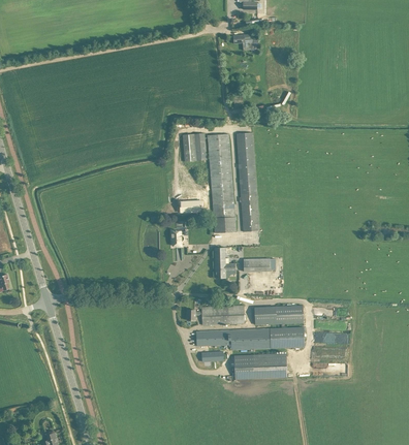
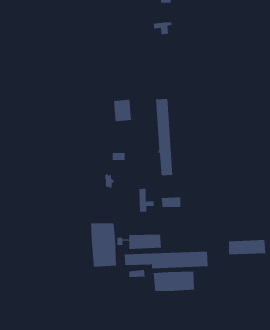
building: [208,132,237,231] -> none
building: none -> [91,222,117,268]
building: [255,304,304,323] -> [228,240,266,255]

